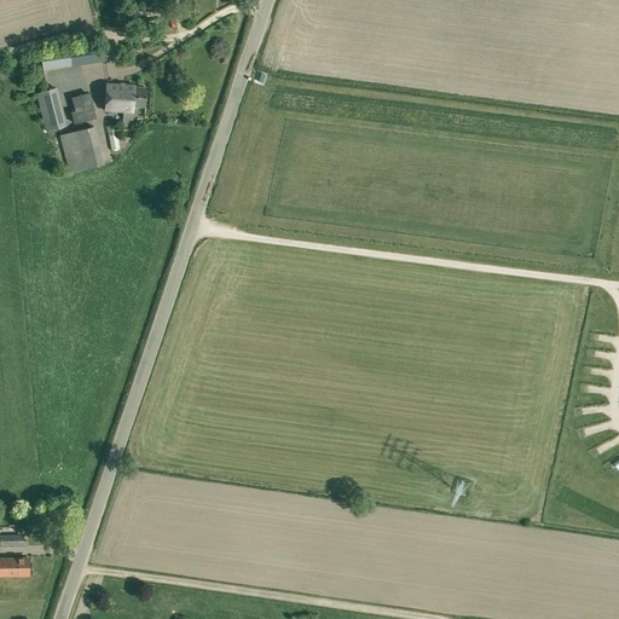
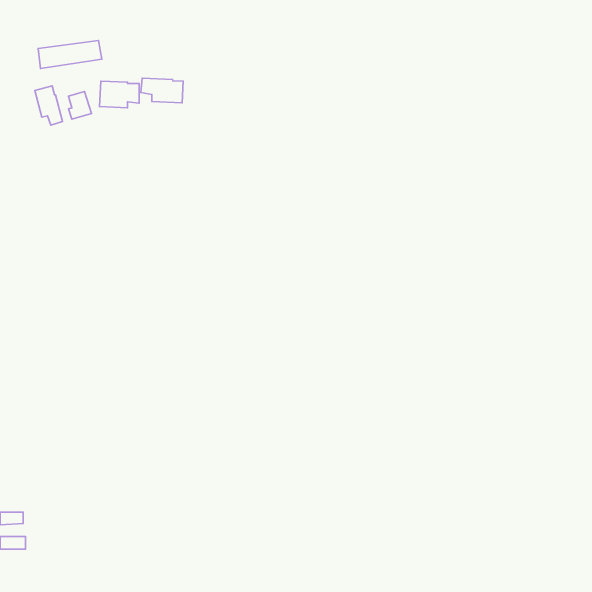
building: none -> [141,78,183,103]
building: [59,126,104,174] -> none

